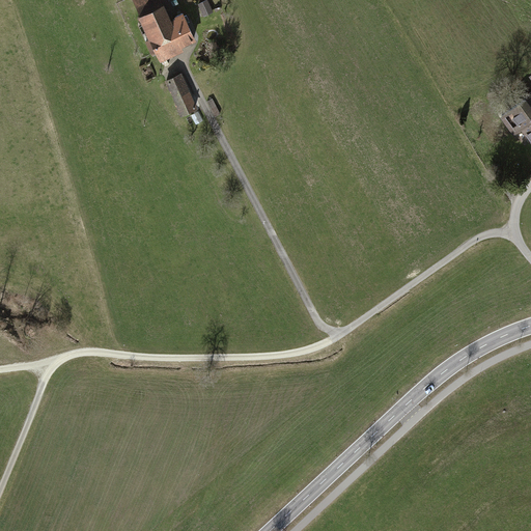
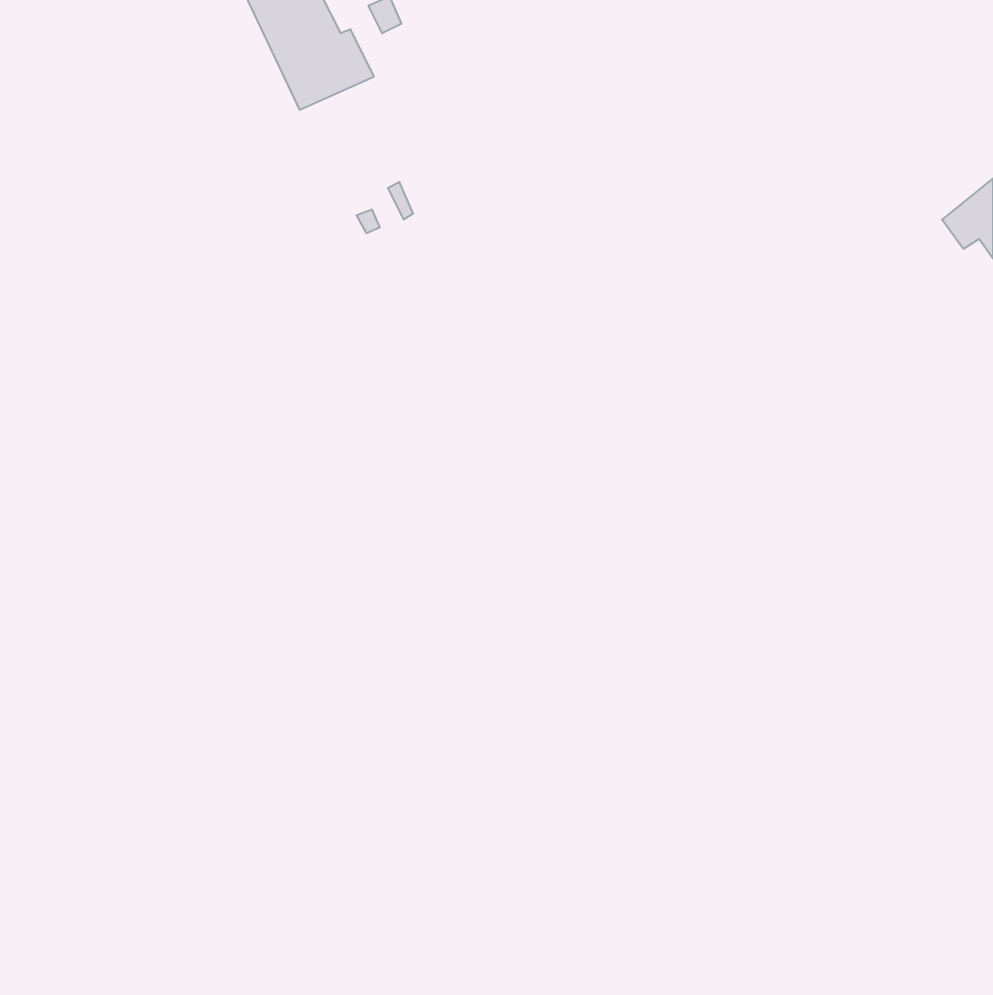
building: [165,74,197,116] -> none

